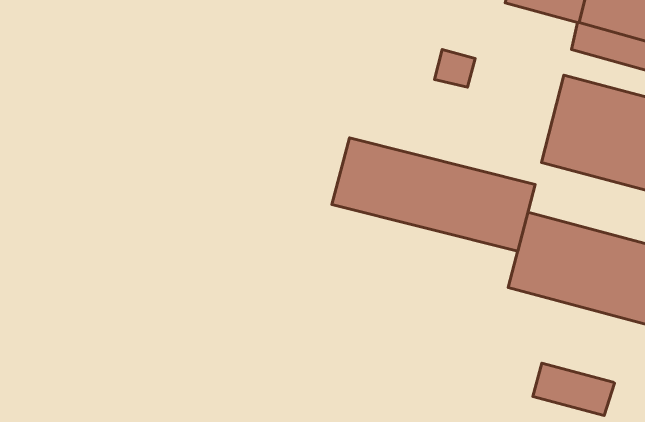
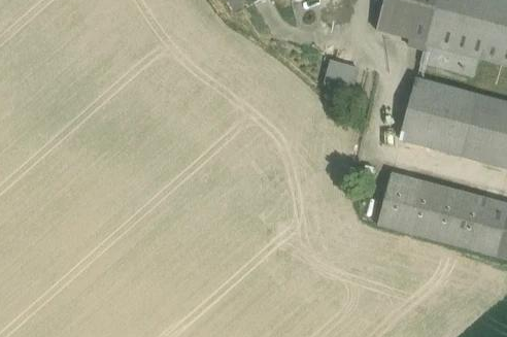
building: [332,138,535,251] -> none
building: [533,363,614,416] -> none

